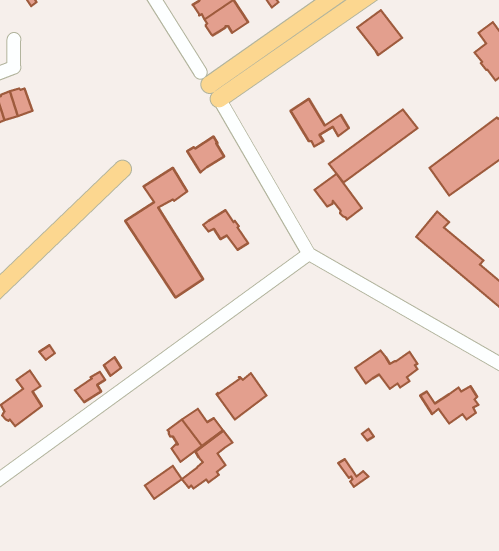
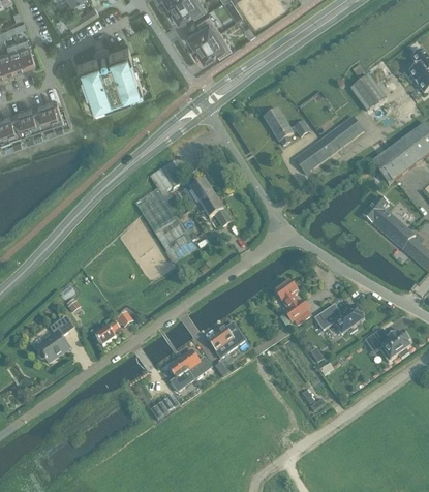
building: [357,10,402,55] -> [349,74,385,110]
building: none -> [75,44,142,103]
building: [187,137,224,172] -> [184,179,213,207]
building: [314,174,362,219] -> none
building: none -> [274,278,311,325]
building: [182,431,233,488] -> none

